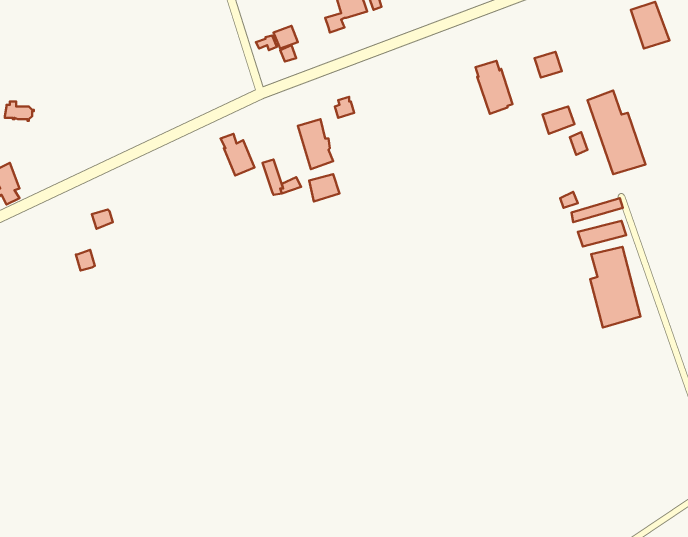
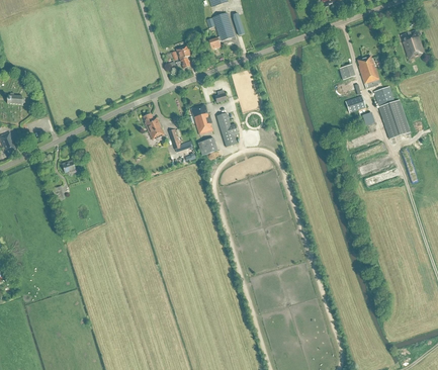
building: [475,61,512,114] -> [357,56,380,89]
building: none -> [216,112,238,147]
building: [590,247,641,328] -> none

